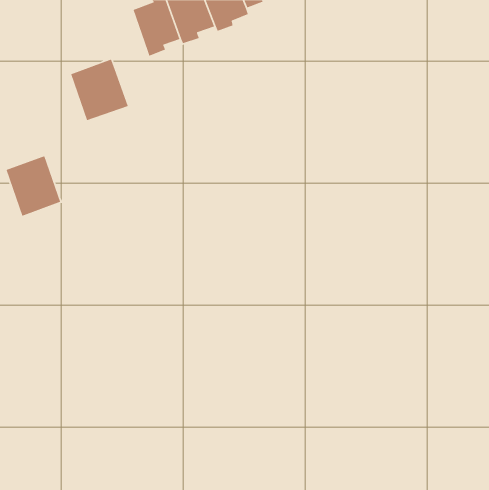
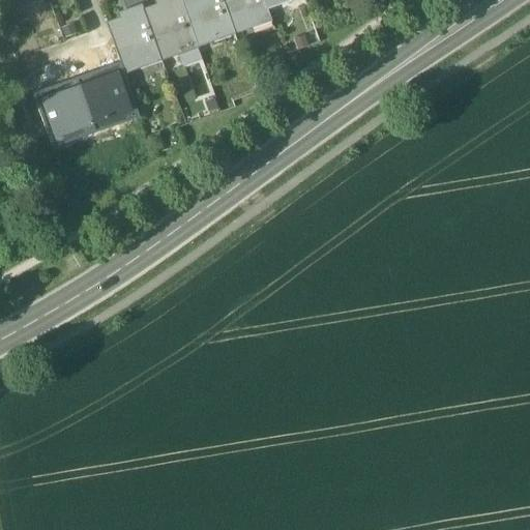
building: none -> [108,5,160,73]
building: [5,155,61,217] -> [35,80,95,146]

